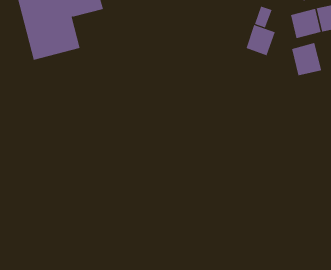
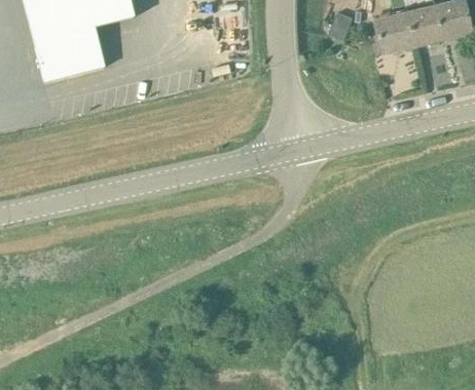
building: [246,24,276,56] -> none
building: [291,42,322,76] -> none

